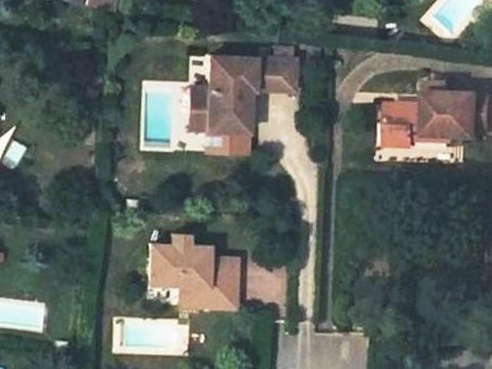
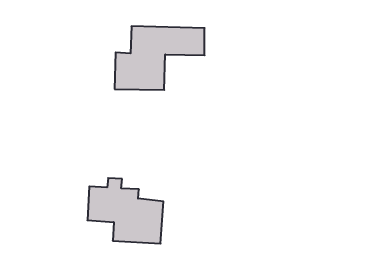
building: [380,84,484,148] -> none

